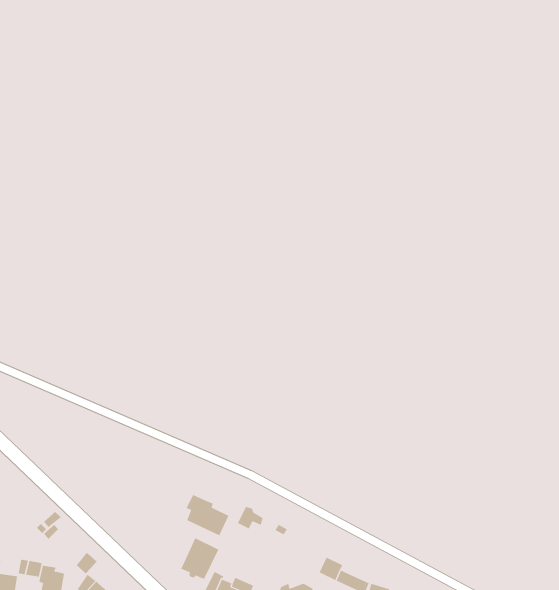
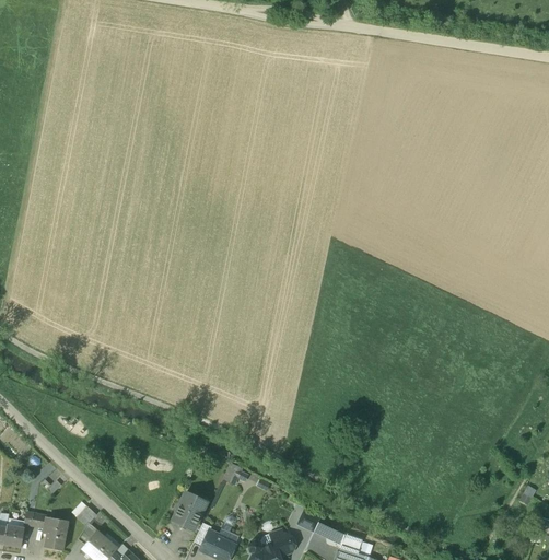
building: [186,494,229,536] -> none

